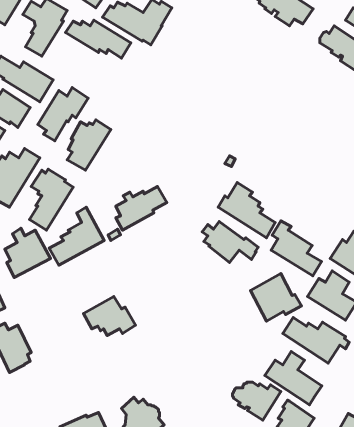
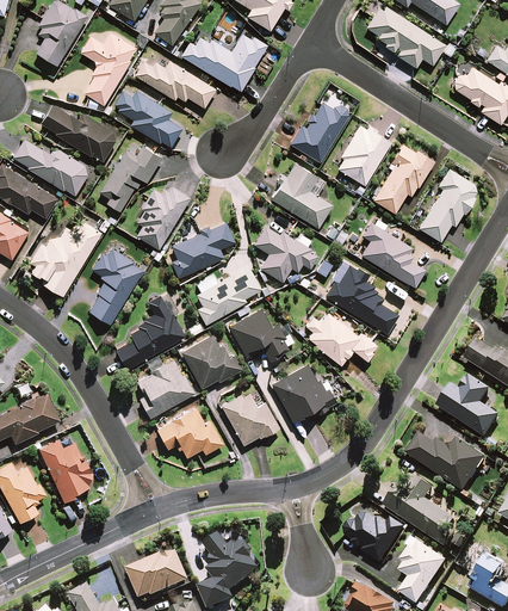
building: none -> [113,90,182,147]
building: none -> [290,101,351,161]
building: none -> [337,124,390,185]
building: none -> [373,143,434,212]
building: none -> [272,162,332,227]
building: none -> [419,168,478,241]
building: none -> [172,222,234,277]
building: none -> [254,226,317,280]
building: none -> [229,308,287,359]
building: [271,221,322,276] -> [361,217,425,286]
building: [5,228,50,278] -> [137,354,194,416]
building: none -> [181,334,241,388]
building: [250,274,302,321] -> [272,362,336,421]
building: none -> [222,390,279,444]

